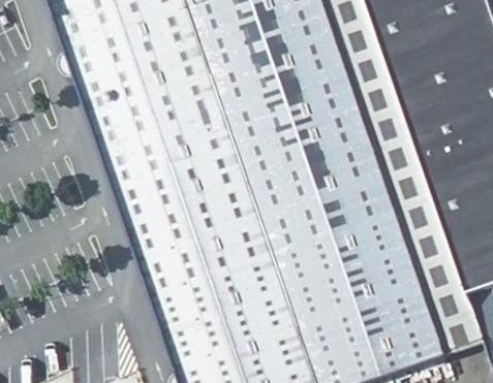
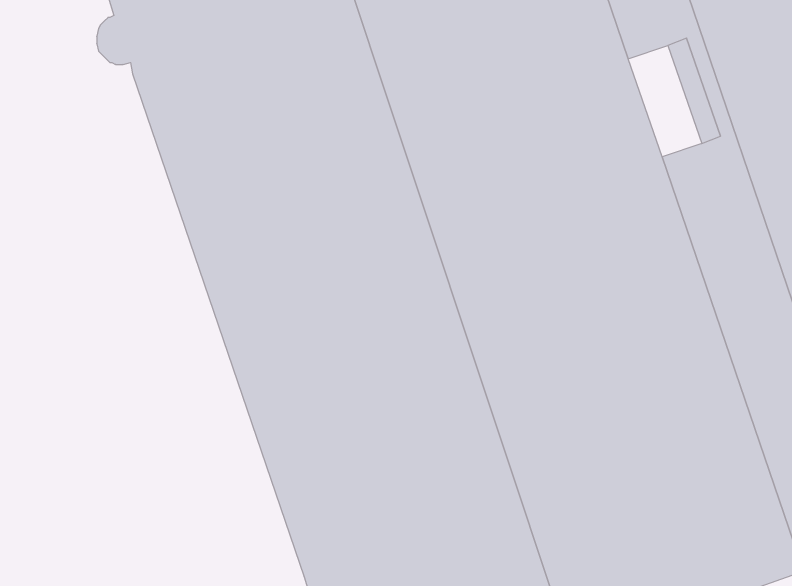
building: [355,62,395,123] -> none

